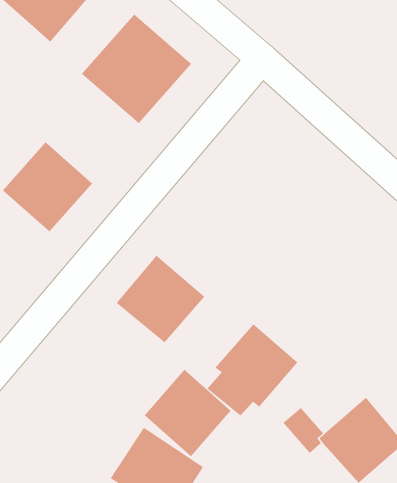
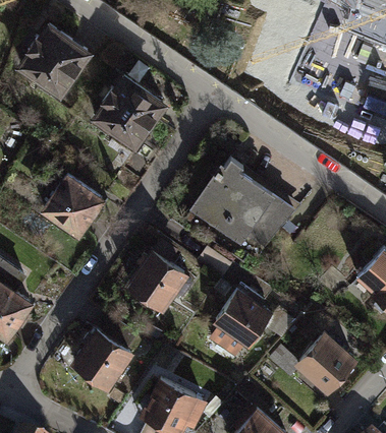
building: none -> [188,158,291,248]
building: [144,369,232,457] -> [77,323,142,387]

